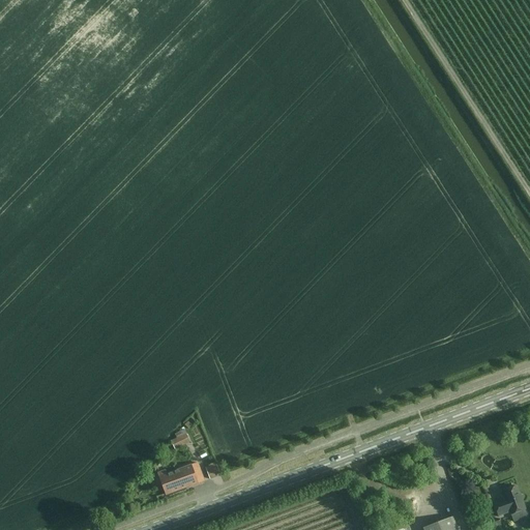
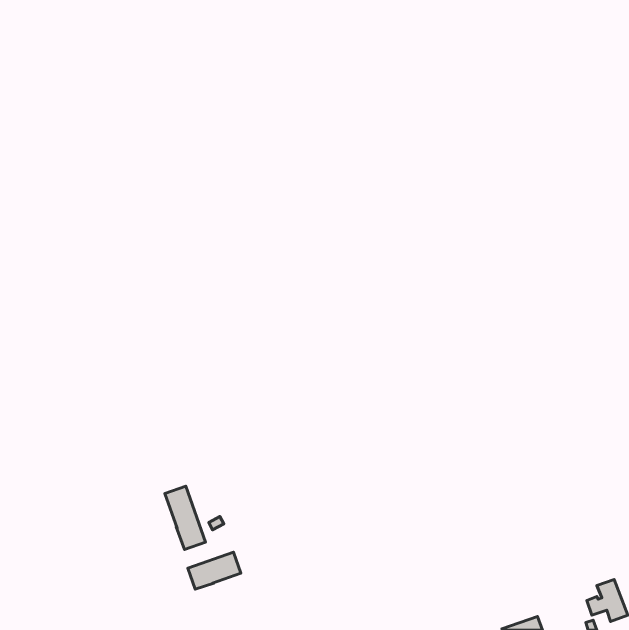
building: none -> [165,486,205,549]

